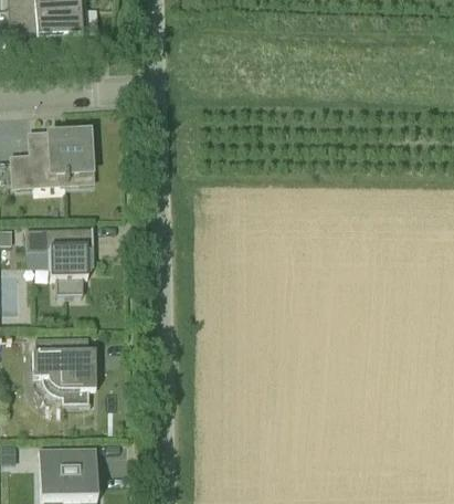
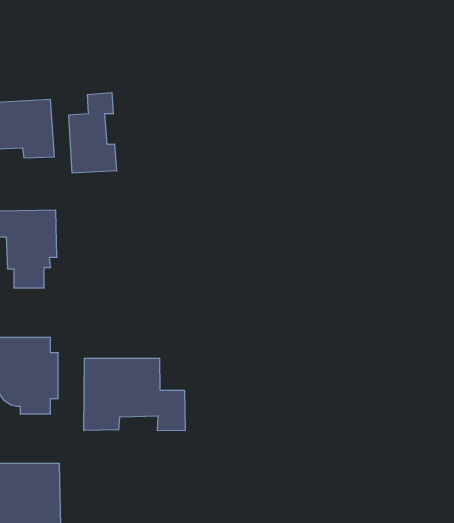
building: none -> [69,93,117,173]
building: none -> [84,358,185,431]

